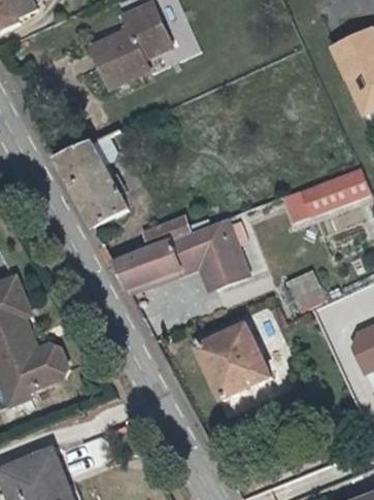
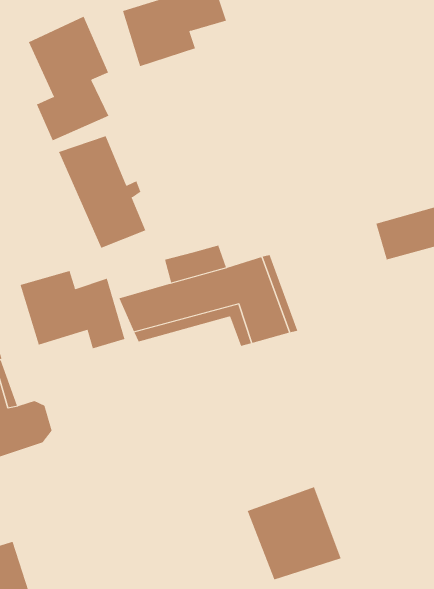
building: none -> [28,16,109,141]
building: none -> [20,270,125,349]
building: [285,267,327,308] -> none
building: [197,325,271,398] -> [247,486,341,580]

